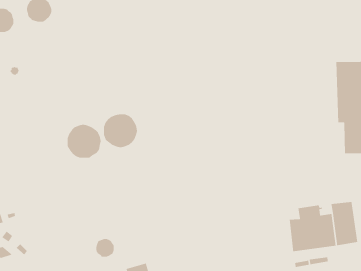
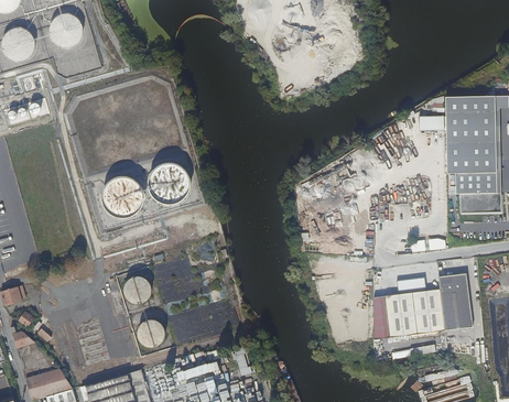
building: none -> [123,275,148,300]
building: none -> [373,296,389,340]

